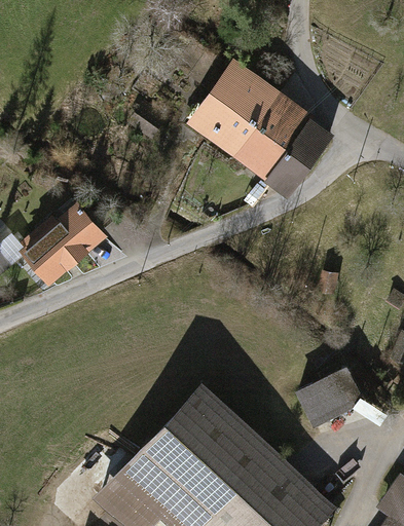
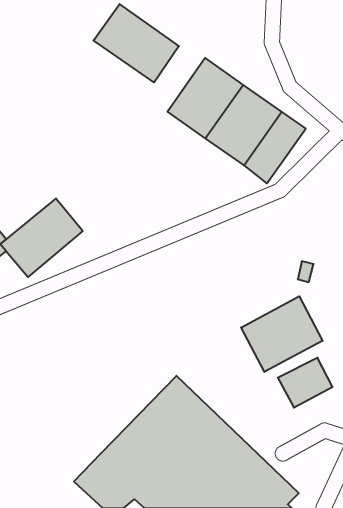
building: none -> [93,4,179,82]
building: none -> [241,296,323,372]

